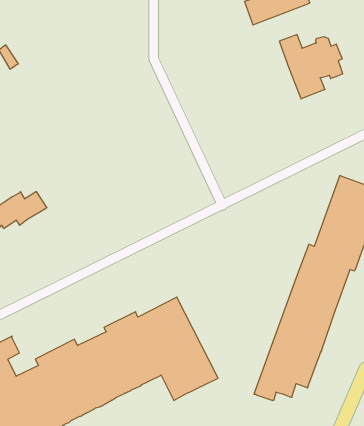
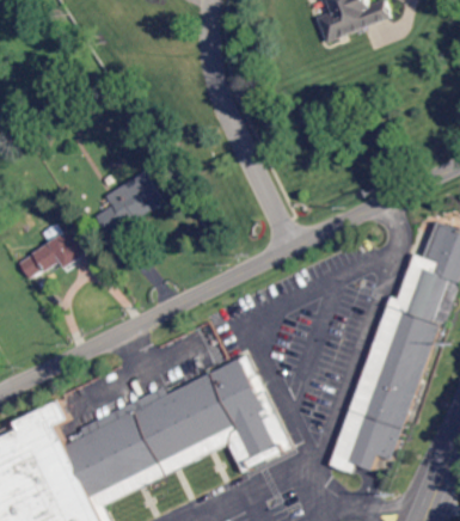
building: [280,34,343,99] -> none
building: none -> [97,172,168,237]

